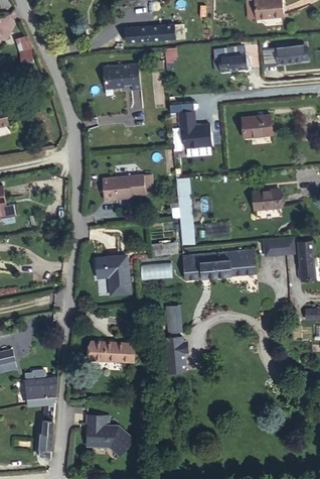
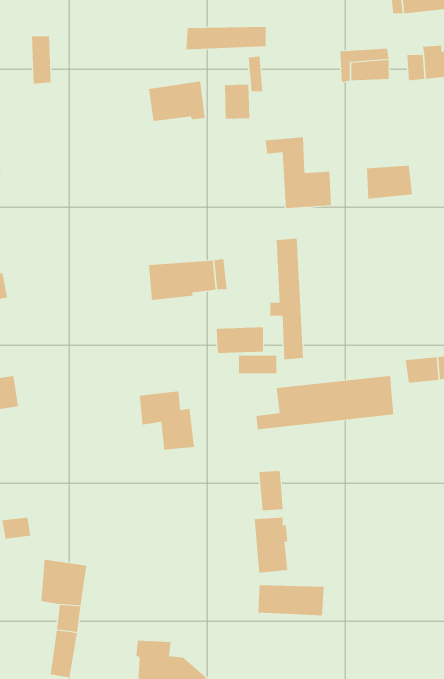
building: none -> [224,84,250,119]
building: [248,191,277,211] -> none
building: [143,260,174,277] -> [216,327,264,353]
building: [96,343,139,363] -> [257,585,324,616]

